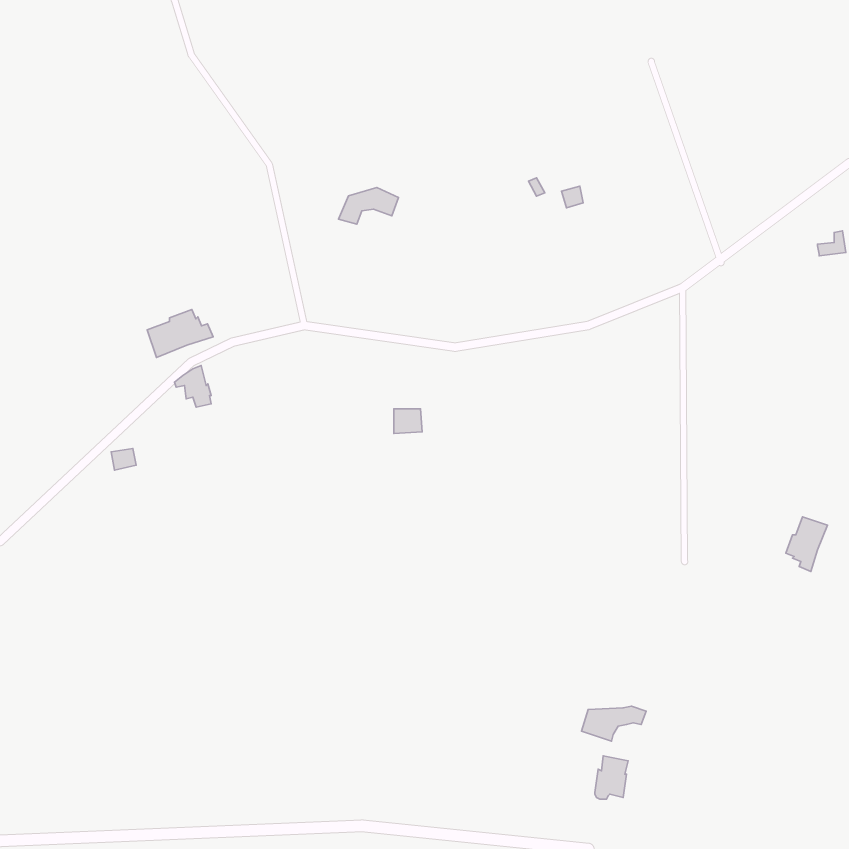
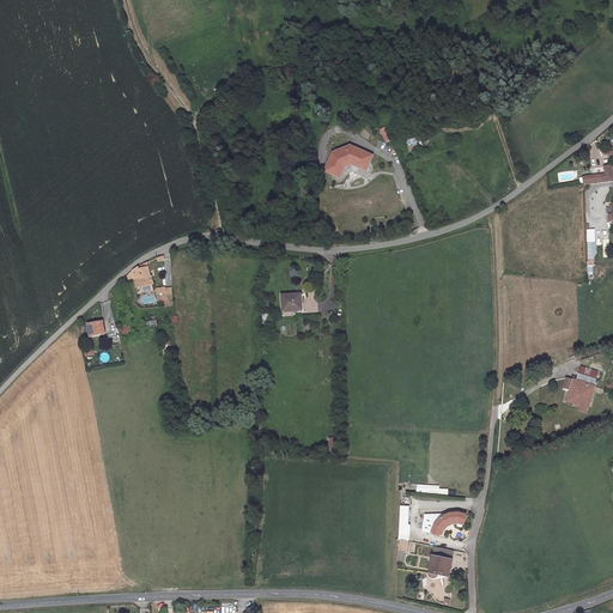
building: [339,187,398,224] -> [327,148,370,175]
building: [147,310,213,357] -> none

